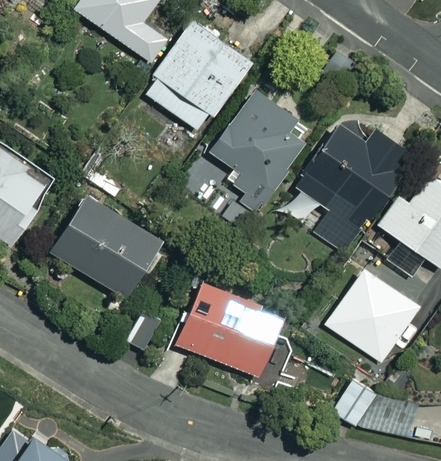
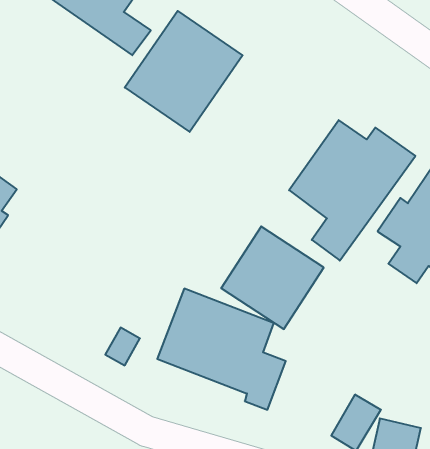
building: [209,86,315,214] -> none
building: [47,191,163,299] -> none
building: [325,268,420,363] -> [221,226,324,329]

